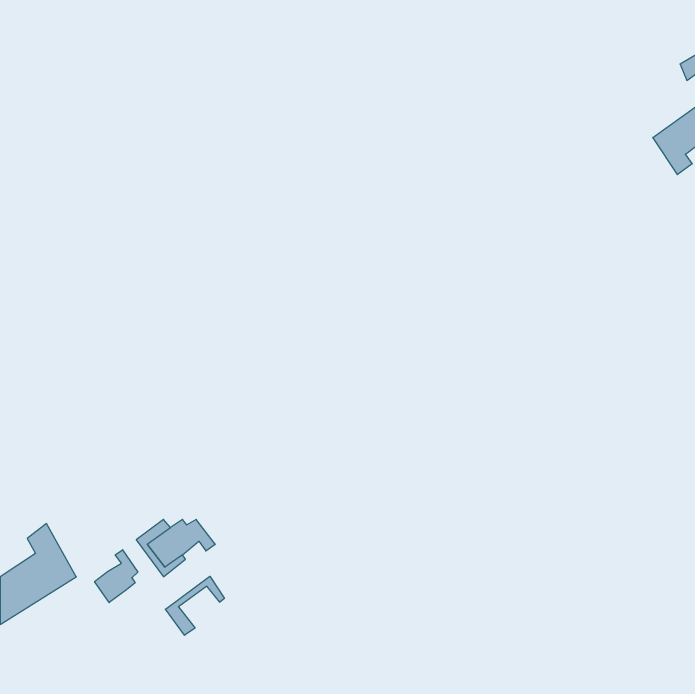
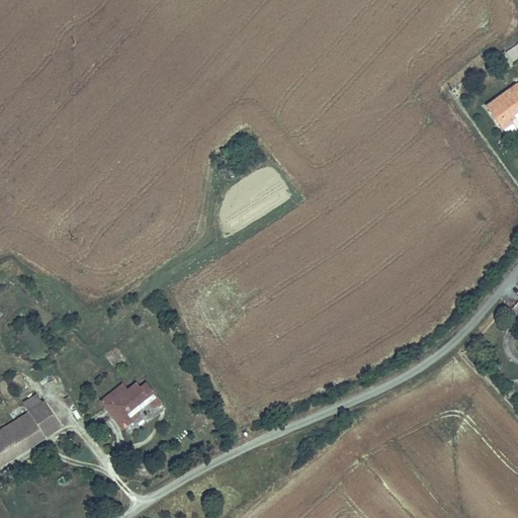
building: [95,550,138,603] -> none
building: [165,576,224,635] -> none

